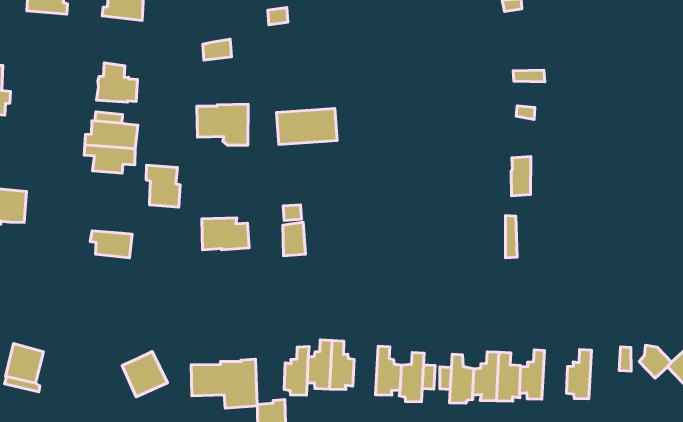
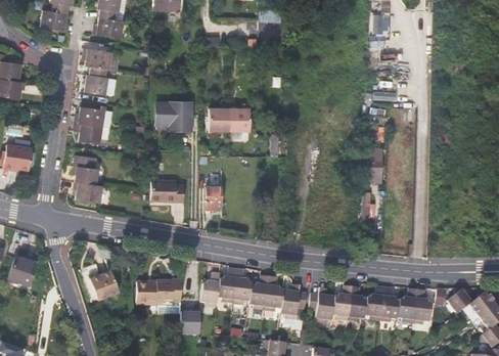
building: none -> [83,48,119,70]
building: [146,165,180,207] -> [74,154,97,185]
building: none -> [248,275,268,310]
building: none -> [412,290,430,324]
building: none -> [379,287,399,322]

